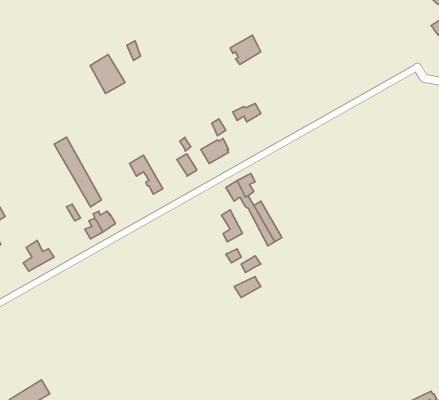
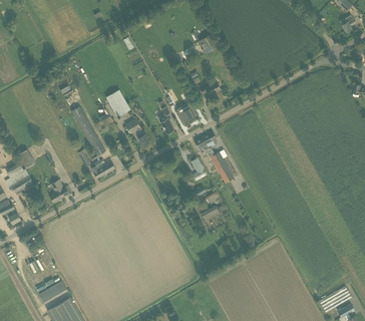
building: [90,54,125,94] -> [104,89,129,117]

